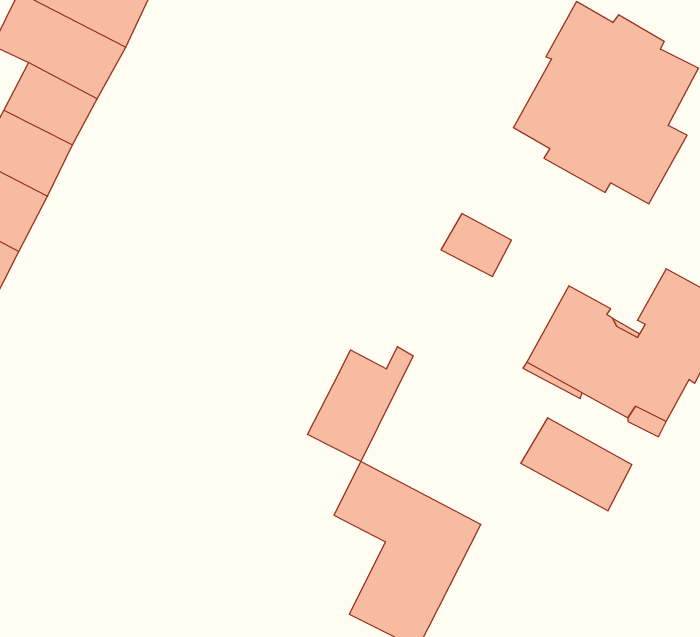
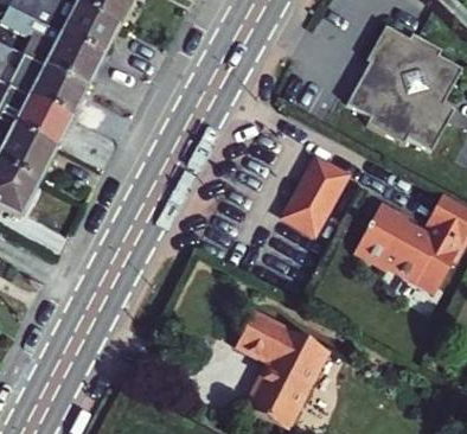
building: none -> [281,179,333,232]
building: [308,347,413,462] -> none
building: [521,418,632,511] -> none

